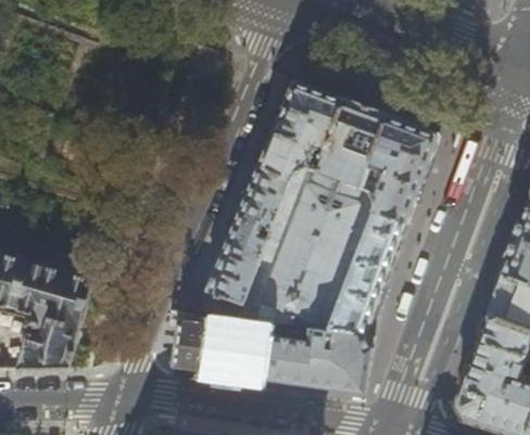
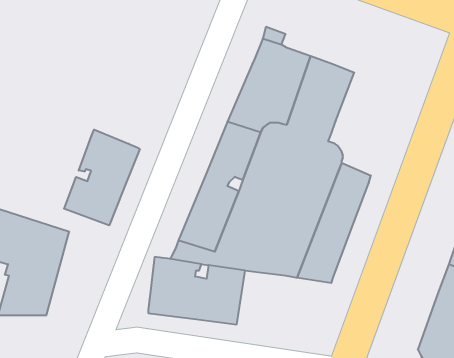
building: [363,119,439,227] -> none
building: none -> [64,130,140,225]
building: [267,325,373,395] -> none

